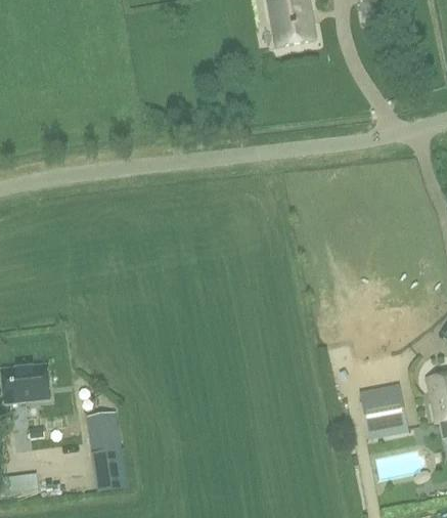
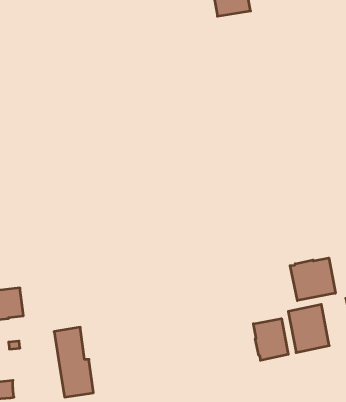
building: none -> [290,258,335,301]
building: none -> [253,319,288,360]

